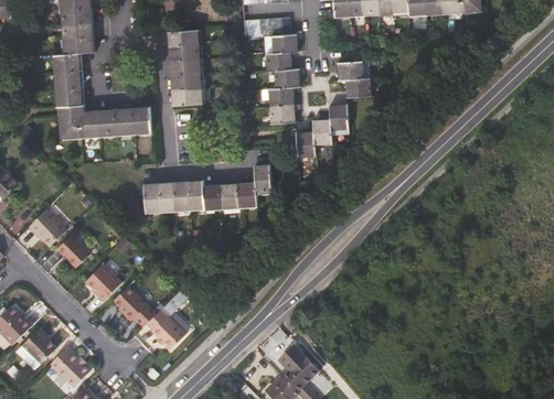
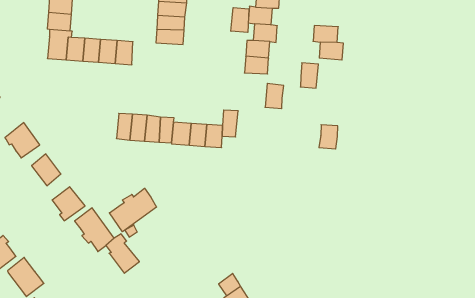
building: none -> [231,8,249,32]
building: [312,119,331,144] -> [319,125,338,149]
building: none -> [109,188,157,232]

